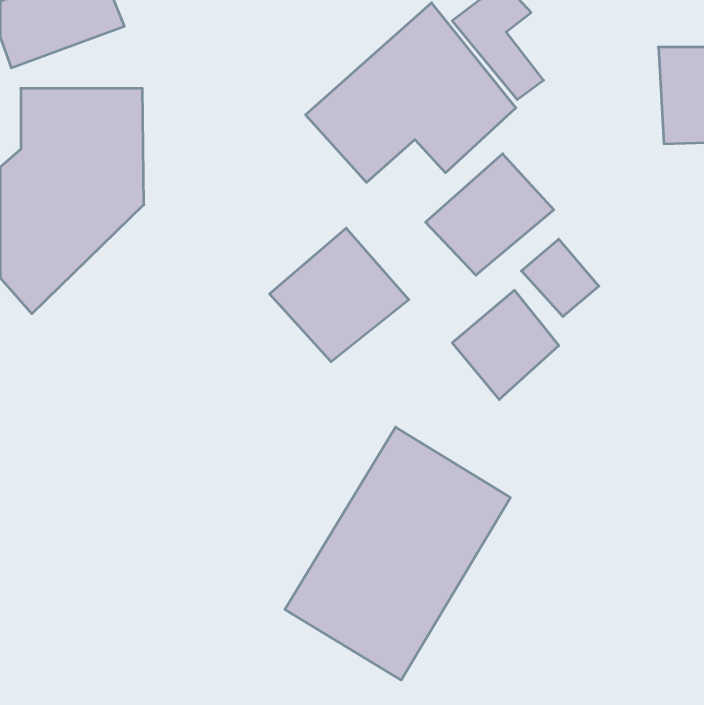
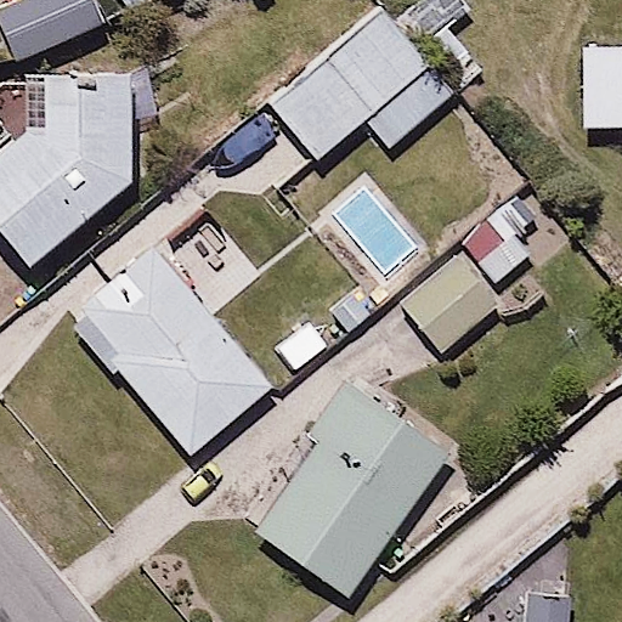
building: [426,154,554,275] -> none
building: [270,228,409,362] -> none
building: none -> [69,247,271,456]

